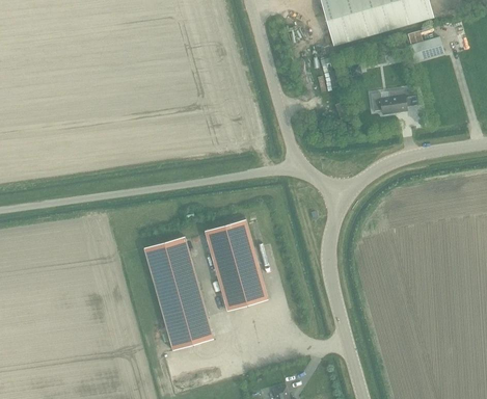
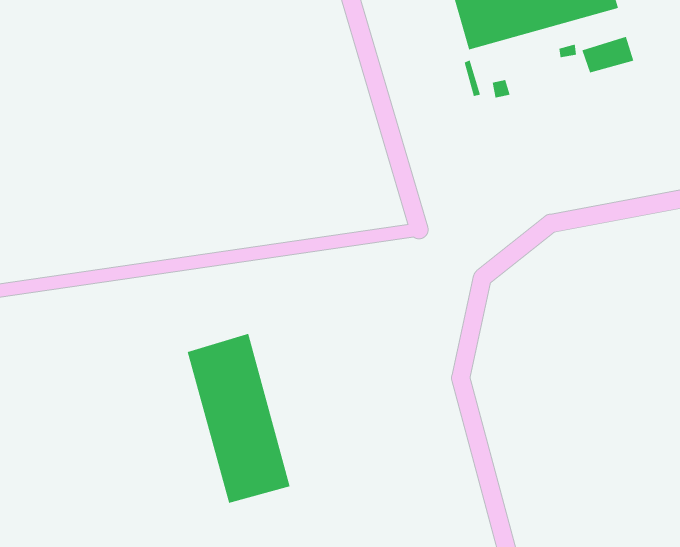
building: [370,89,417,114] -> none
building: [204,219,267,311] -> none

